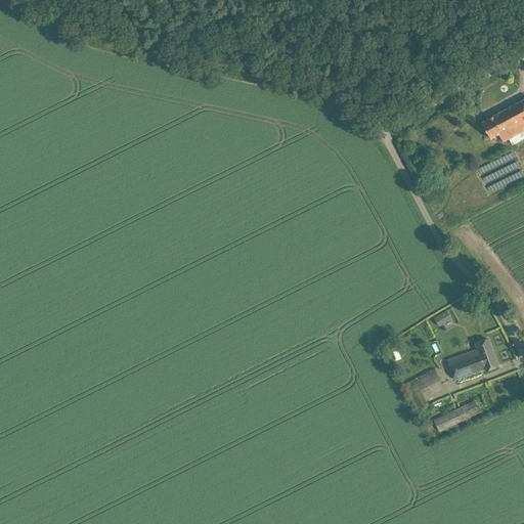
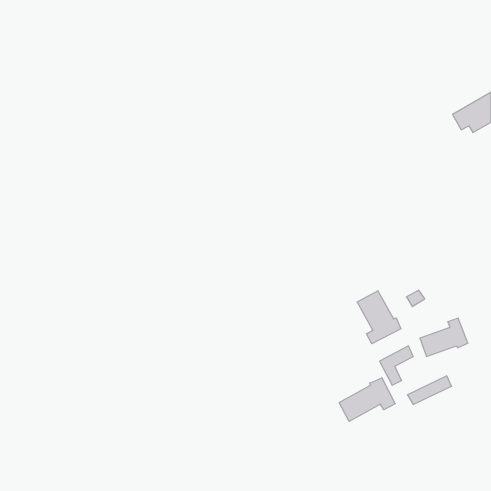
building: none -> [357,291,401,344]
building: none -> [339,378,395,421]

